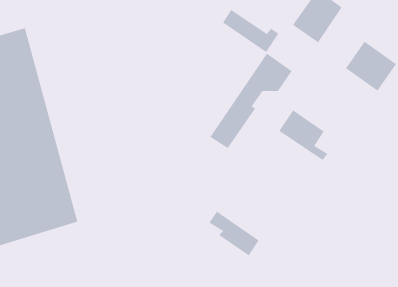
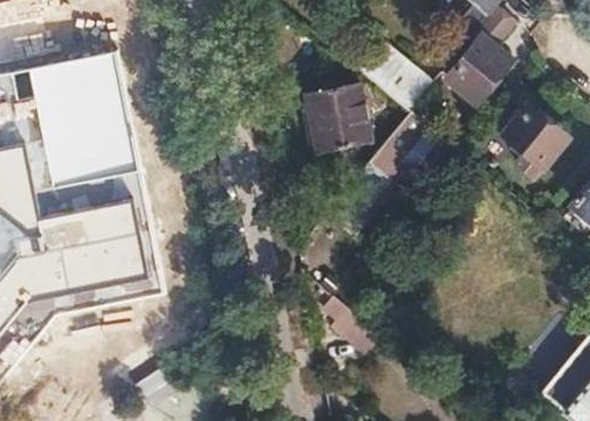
building: none -> [306,81,370,150]
building: [278,110,328,161] -> none

